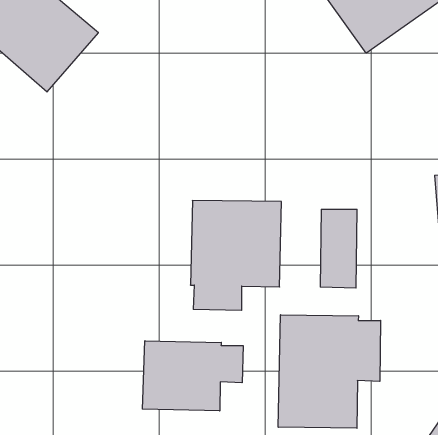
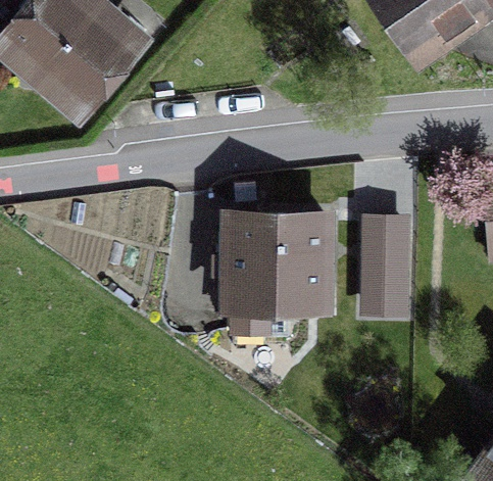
building: [278,315,381,428] -> none
building: [142,341,243,411] -> none

